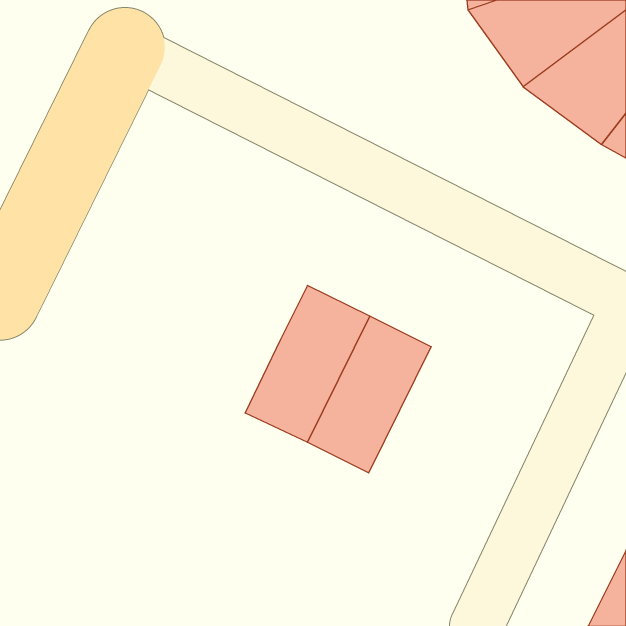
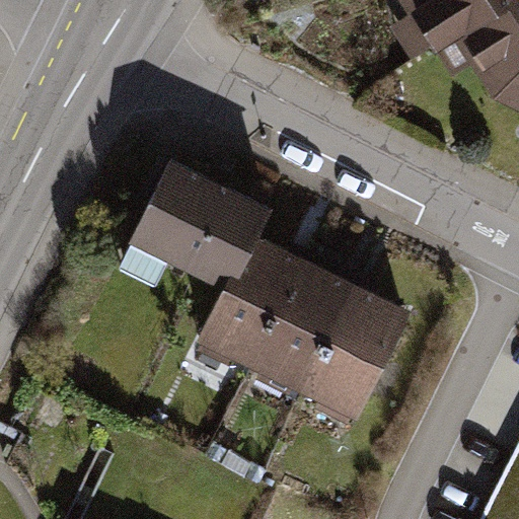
building: none -> [142,166,267,281]
building: none -> [305,287,409,417]

